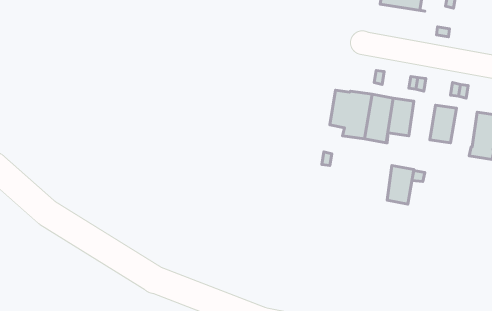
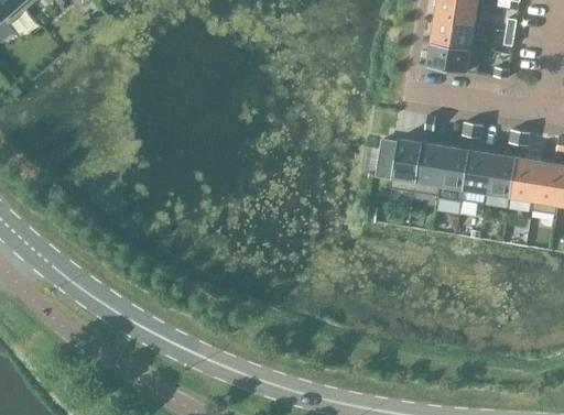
building: none -> [425,43,479,75]
building: none -> [508,159,538,201]
building: [387,165,414,204] -> [462,151,491,194]

